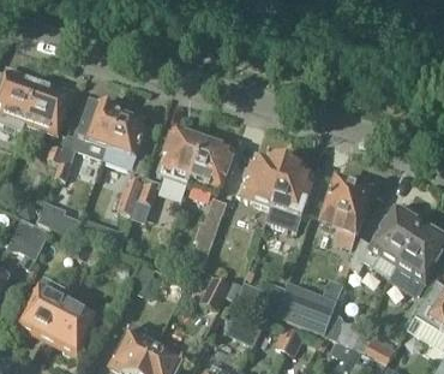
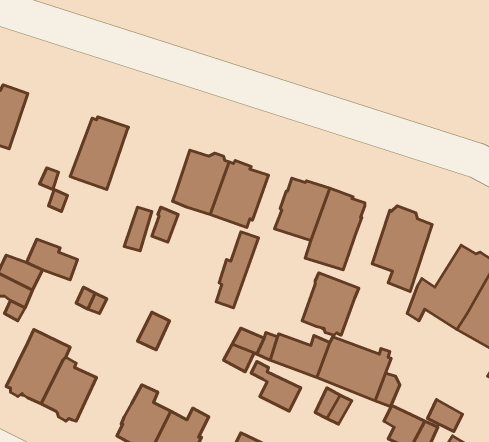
building: [20,82,68,138] -> none
building: [102,112,145,170] -> none
building: none -> [302,273,359,335]

